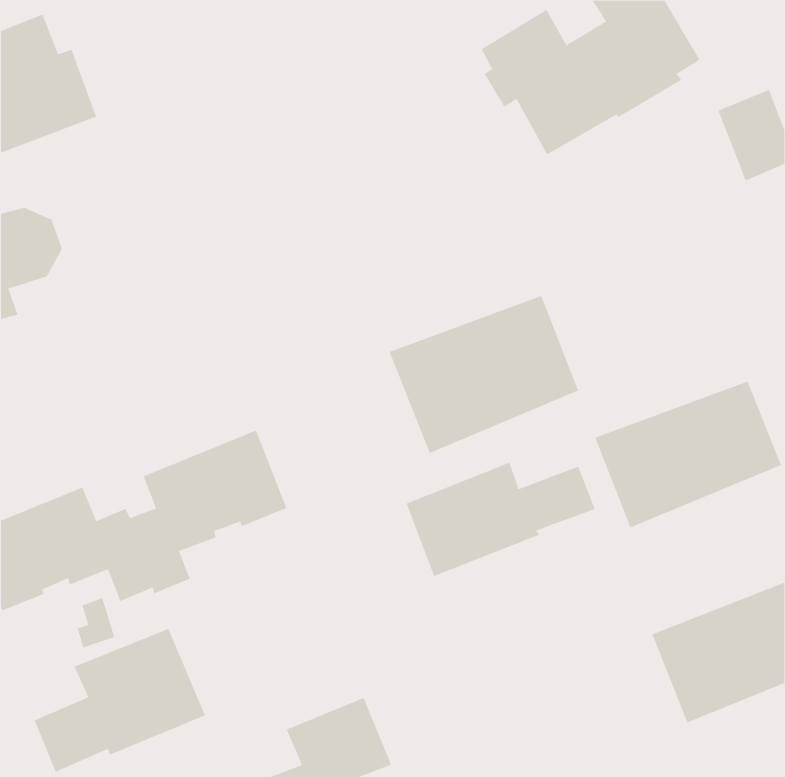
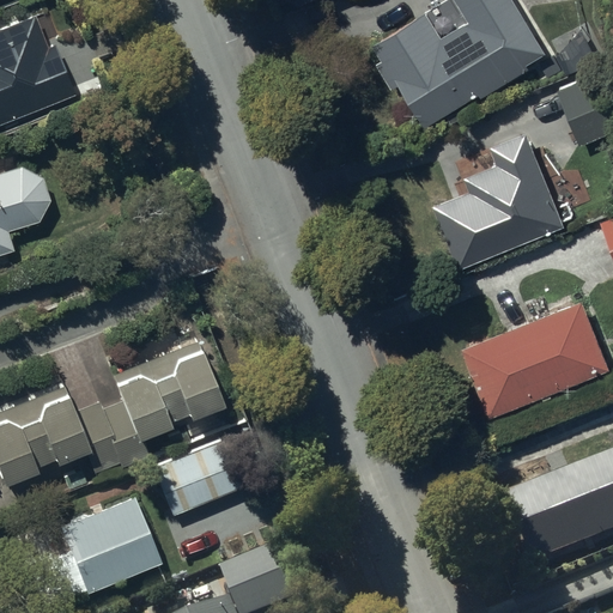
building: none -> [435,132,575,269]
building: [389,295,579,454] -> none
building: [406,462,595,577] -> none
building: none -> [151,437,245,517]

